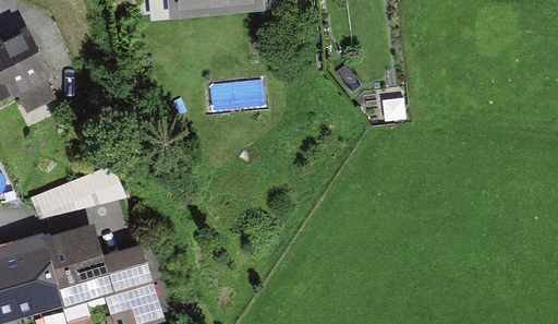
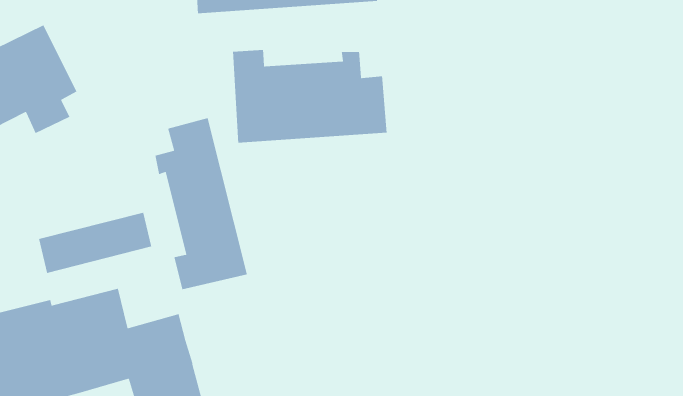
building: none -> [232,49,388,144]
building: none -> [154,117,248,290]

